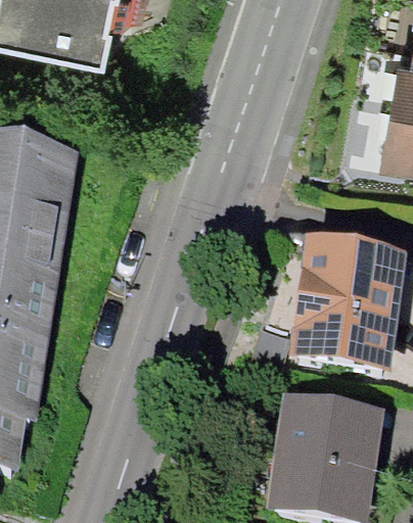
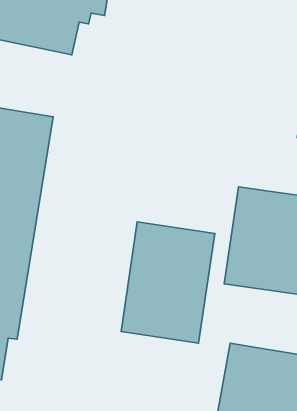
building: none -> [121,222,215,343]

